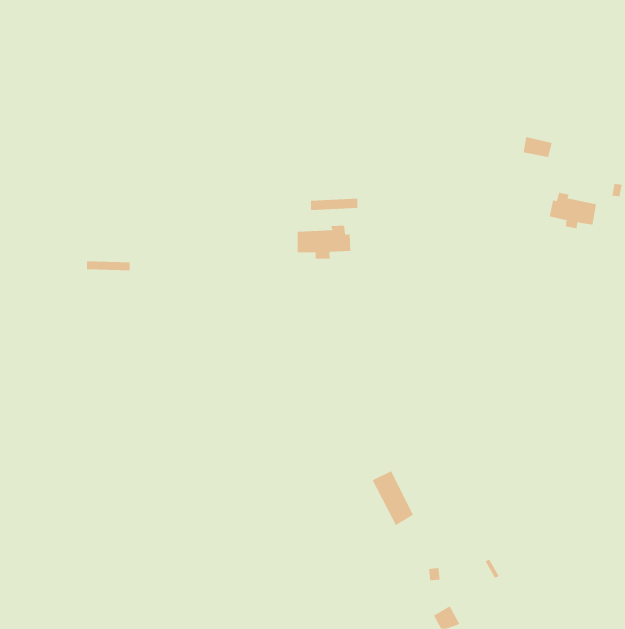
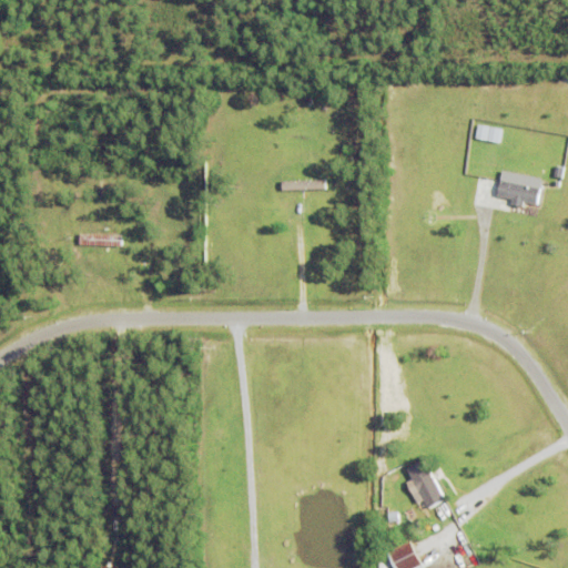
building: [297,225,351,260] -> none
building: [372,470,414,526] -> [405,459,443,509]

